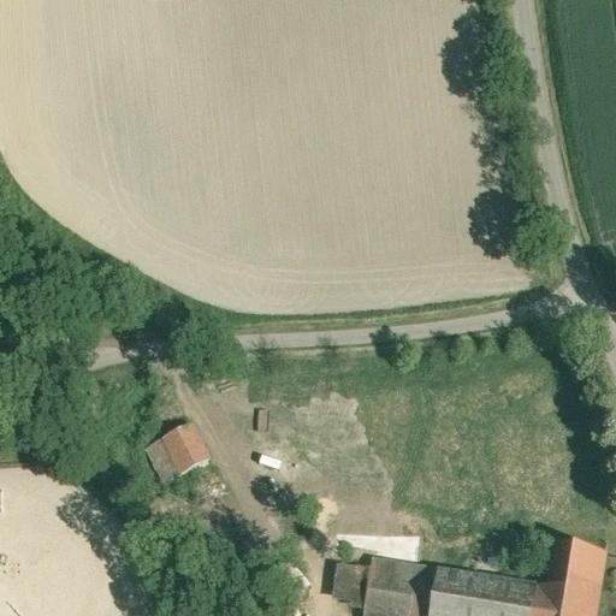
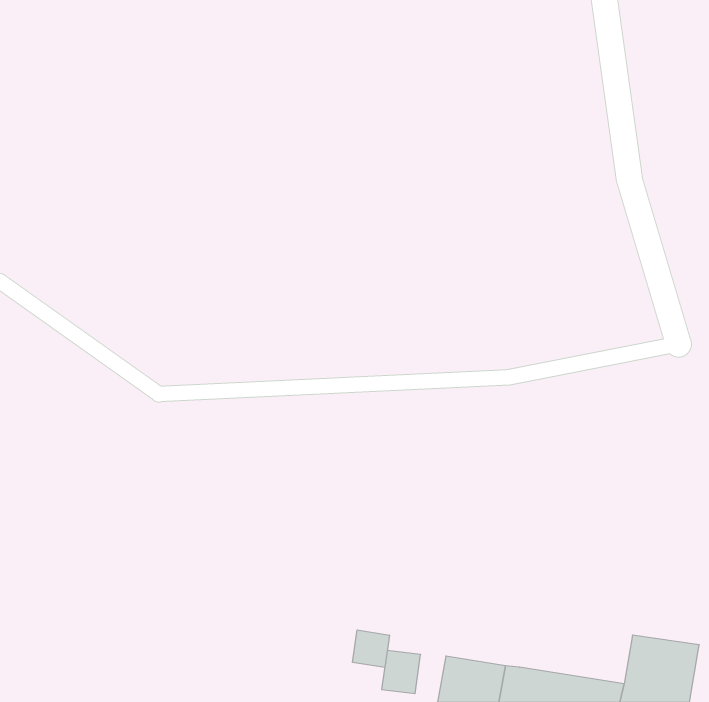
building: [142,428,205,487] -> none
building: none -> [353,630,389,667]

